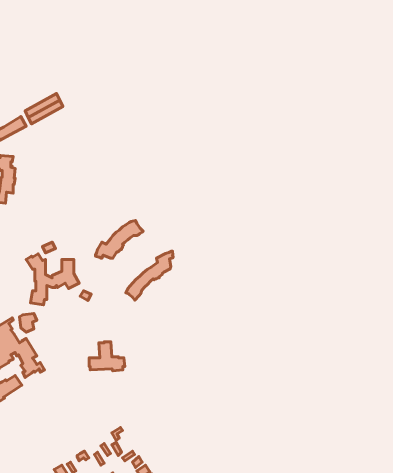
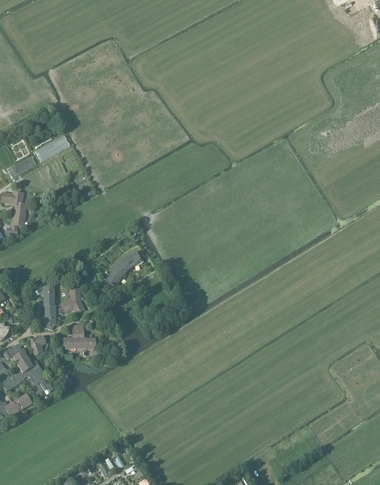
building: [126,251,173,300] -> none
building: [89,342,125,371] -> [63,322,96,349]

